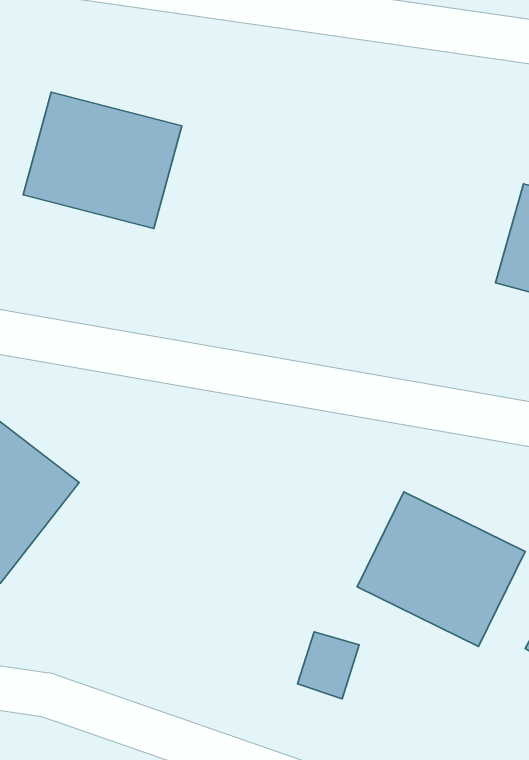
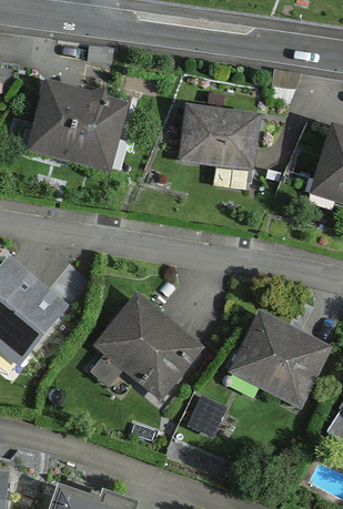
building: none -> [176,110,254,173]
building: none -> [92,297,199,397]

